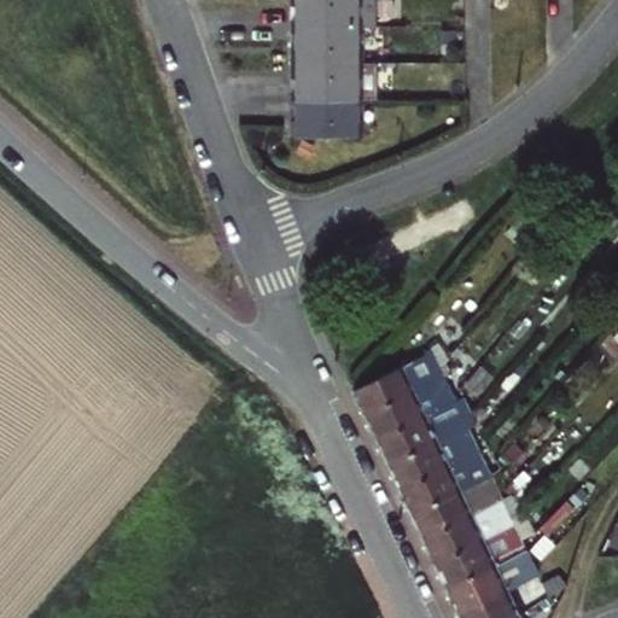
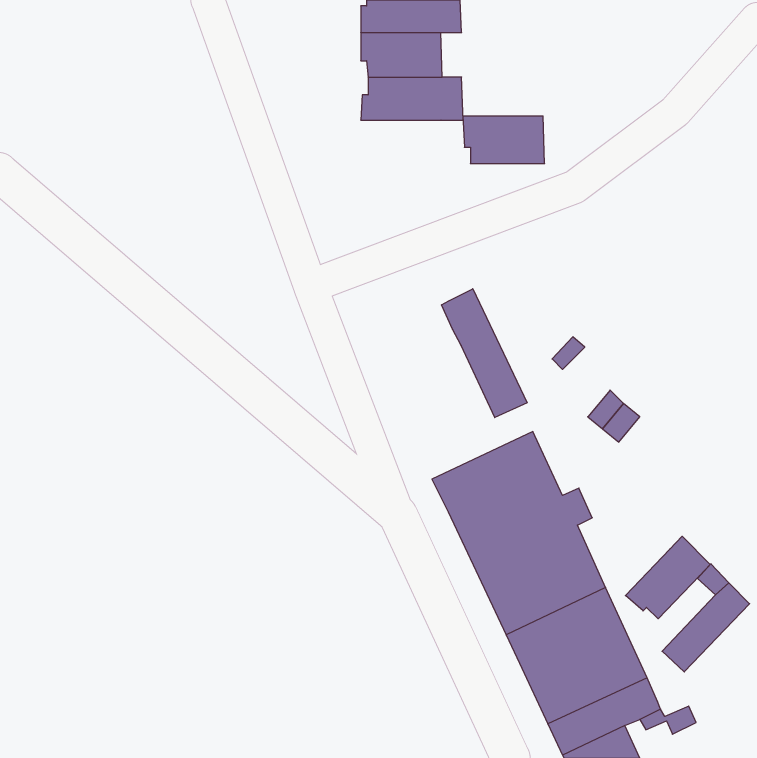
building: [293,98,360,136] -> [463,116,545,164]
building: none -> [442,289,527,418]
building: none -> [625,536,710,619]

